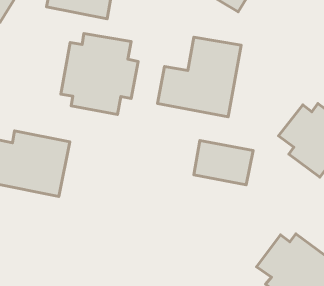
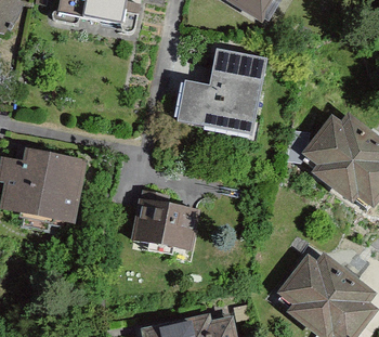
building: [61,34,138,114] -> none
building: [194,140,253,185] -> [132,205,196,252]

